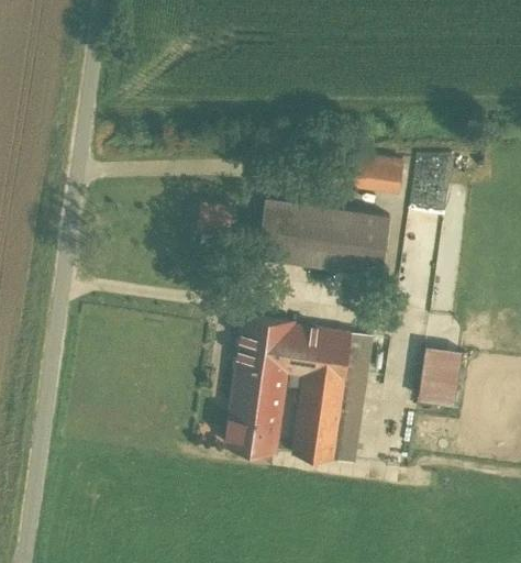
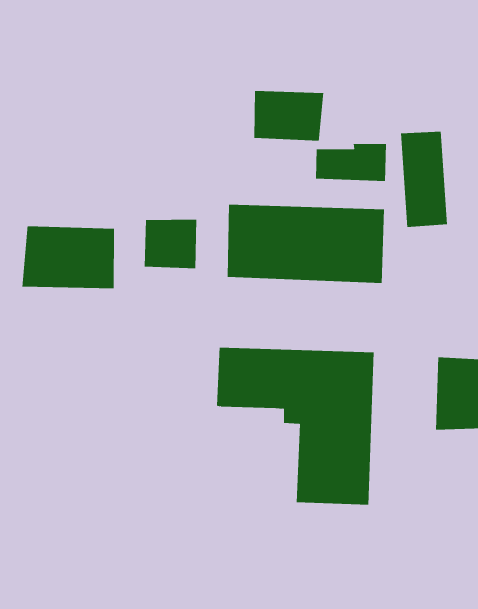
building: none -> [254,90,324,141]
building: none -> [22,225,114,289]
building: [226,367,284,453] -> none

